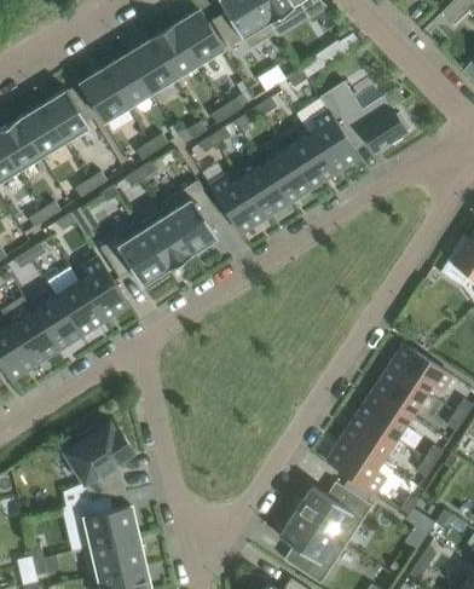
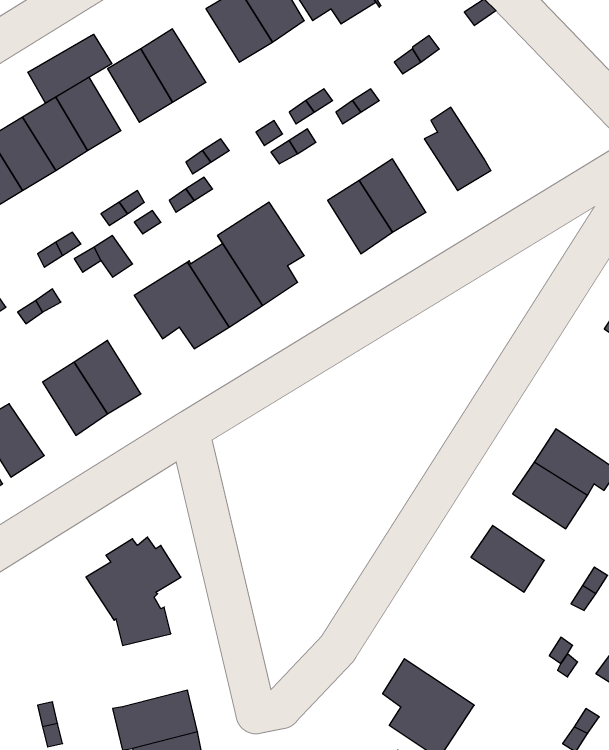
building: [127,40,175,93] -> none
building: none -> [28,34,112,103]
building: [319,81,409,152] -> none
building: [287,134,334,187] -> none
building: [210,178,264,232] -> none
building: [80,259,128,319] -> none
building: [8,311,57,364] -> none
building: [359,392,412,440] -> none
building: [328,438,382,491] -> none
building: [295,483,371,545] -> none
building: [83,507,138,547] -> none

